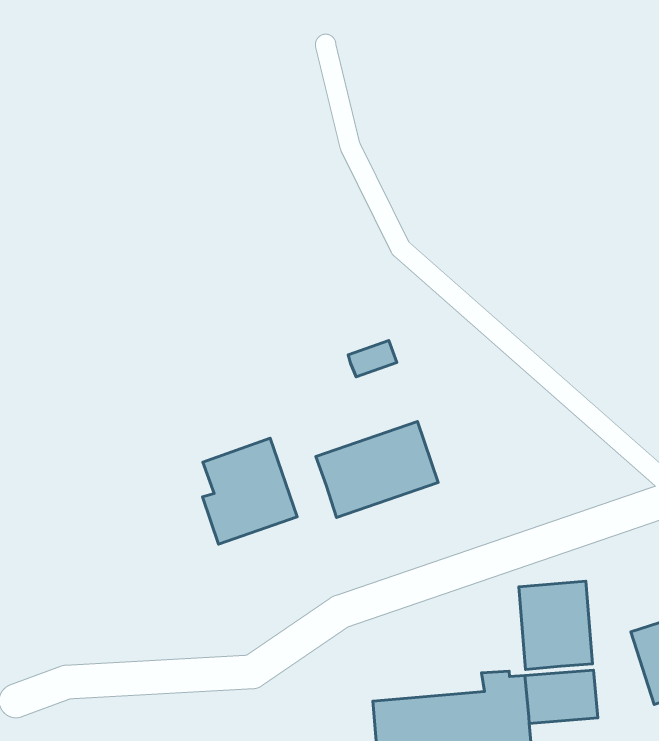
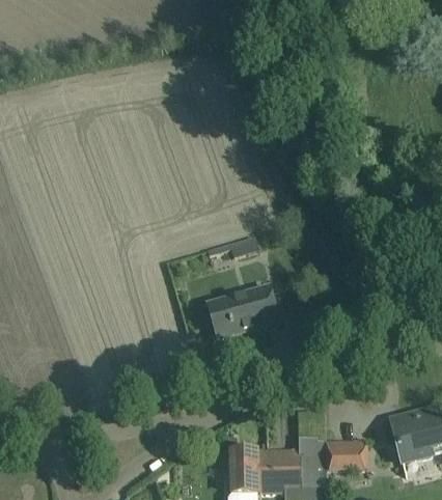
building: [203,438,297,544] -> none
building: [519,581,592,669] -> none

